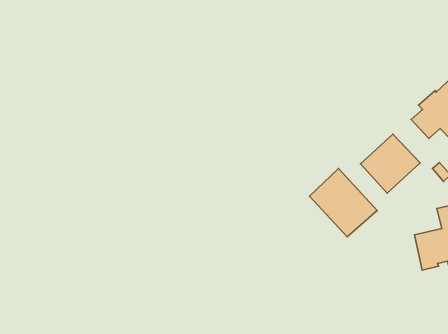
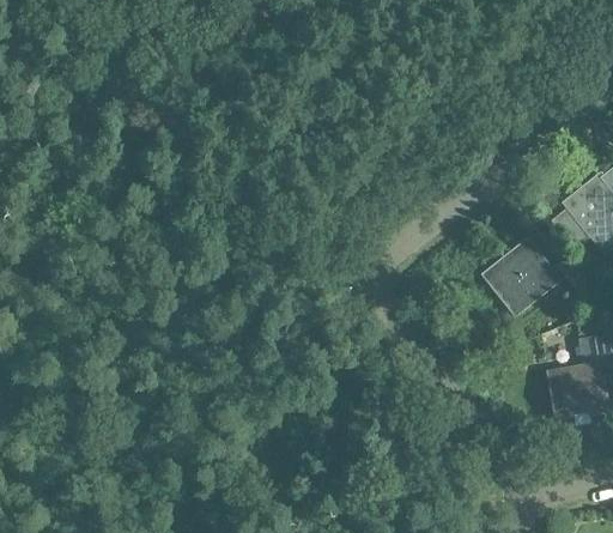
building: [309,168,377,237] -> none

